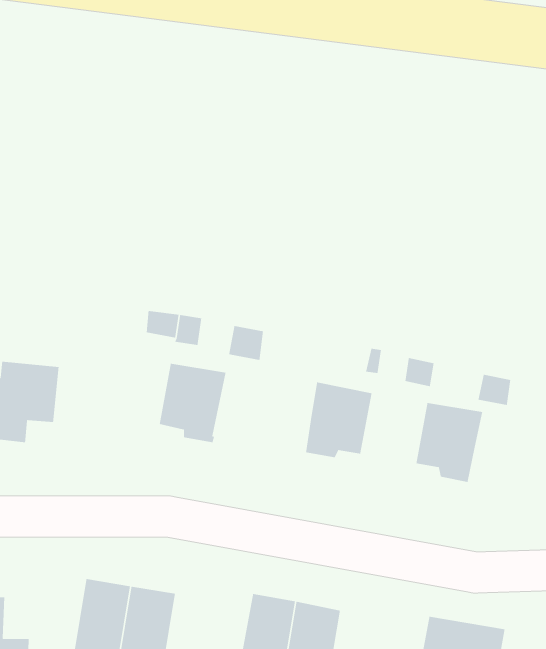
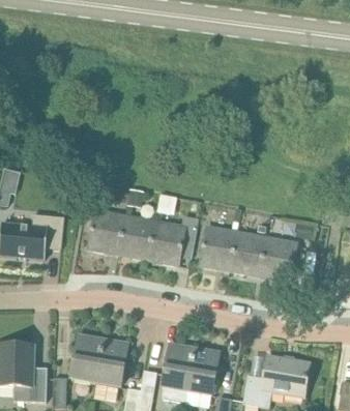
building: none -> [87,210,124,252]
building: none -> [148,215,198,266]
building: none -> [229,232,266,273]

